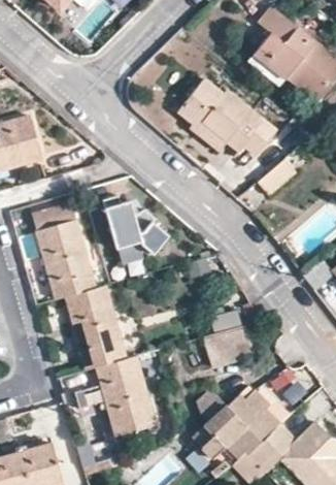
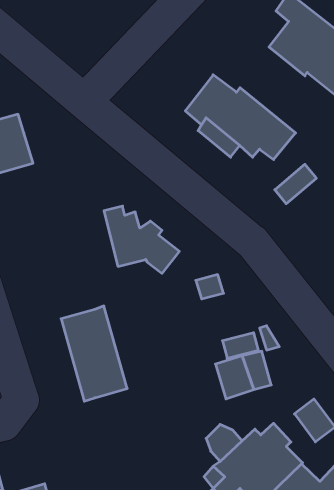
building: [32,197,97,298] -> none
building: [97,356,155,433] -> none

